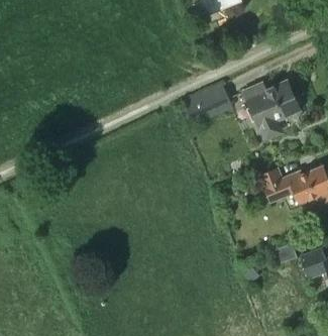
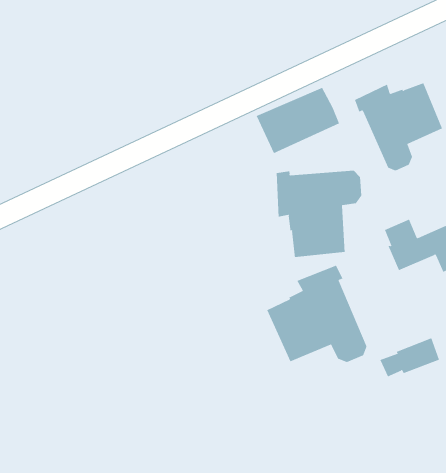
building: none -> [276,170,362,258]
building: none -> [266,265,367,363]

